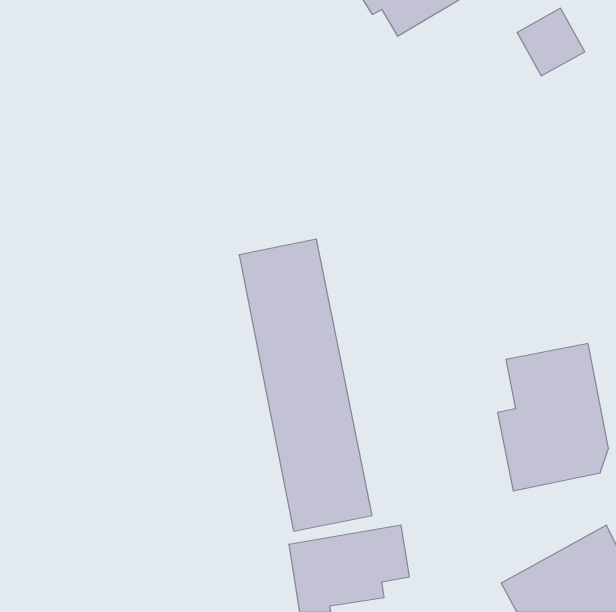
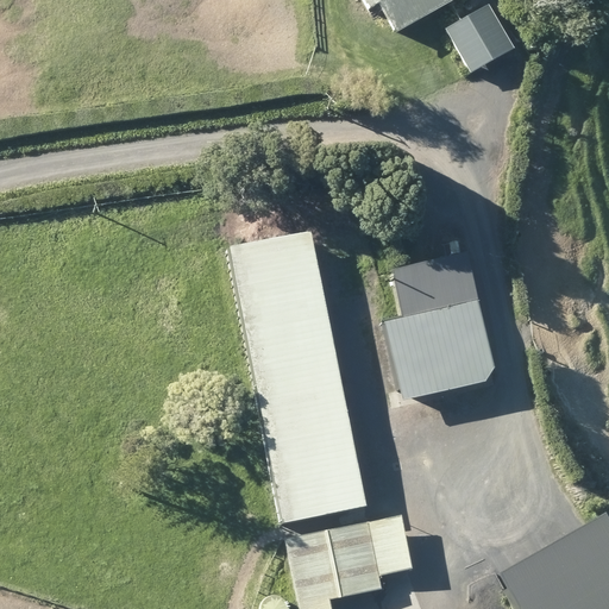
building: [517,8,585,76] -> [441,8,508,75]
building: [498,344,609,491] -> [381,255,490,400]

